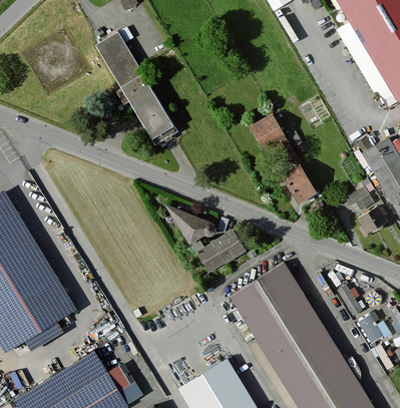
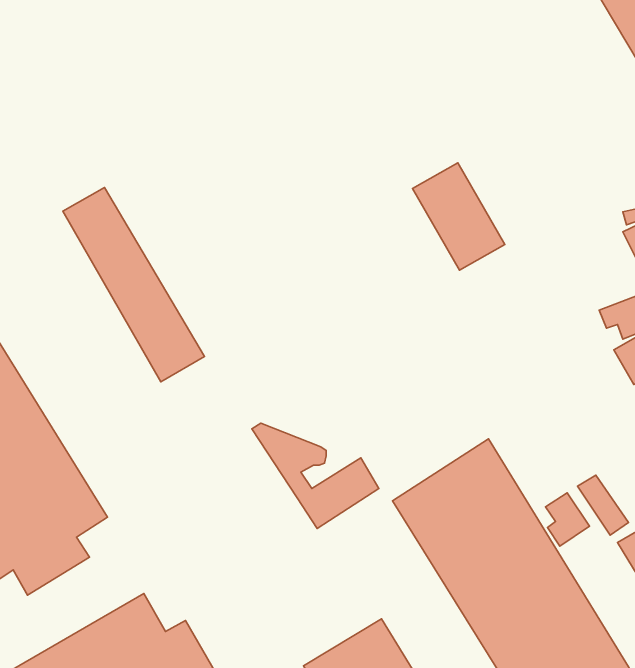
building: [94,33,172,140] -> [63,188,204,382]
building: [280,165,314,202] -> none
building: [172,212,243,270] -> [252,423,379,529]
building: none -> [546,493,589,546]

